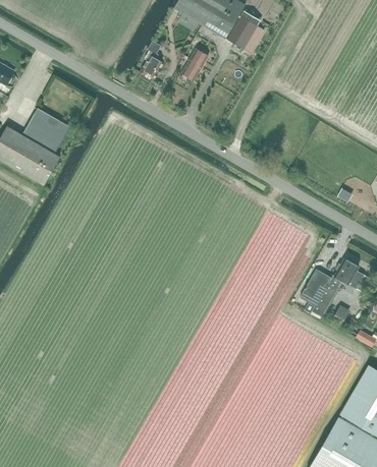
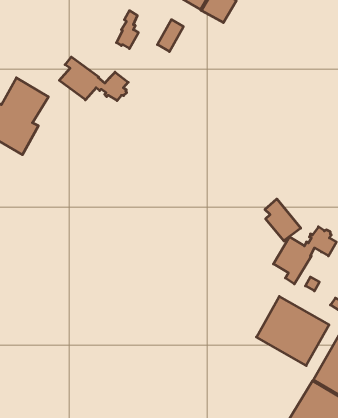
building: none -> [59,57,128,101]
building: none -> [265,199,301,241]
building: none -> [256,296,329,366]

